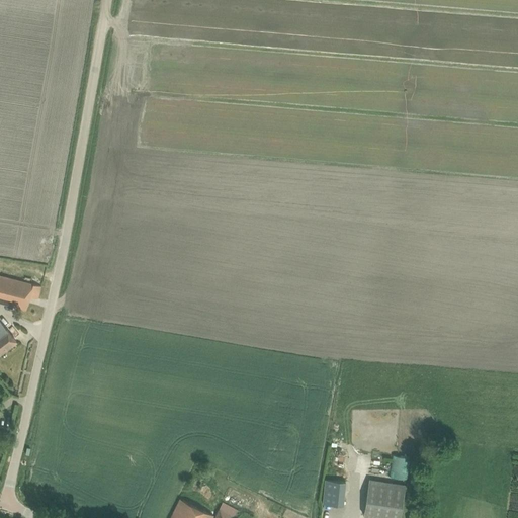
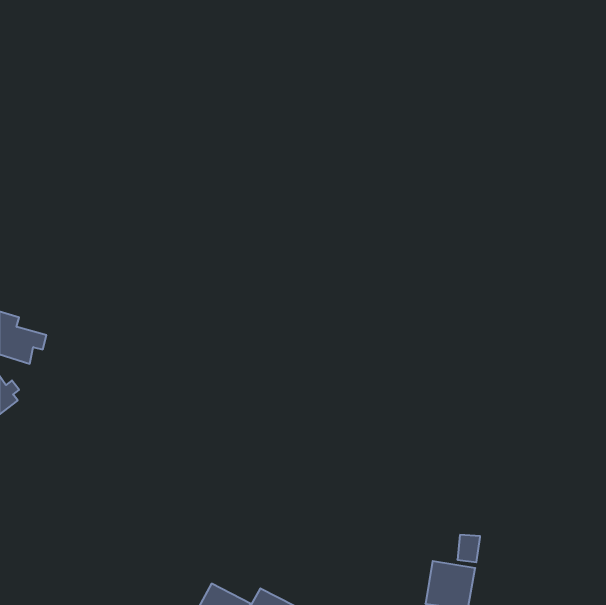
building: [322,481,344,507] -> none

